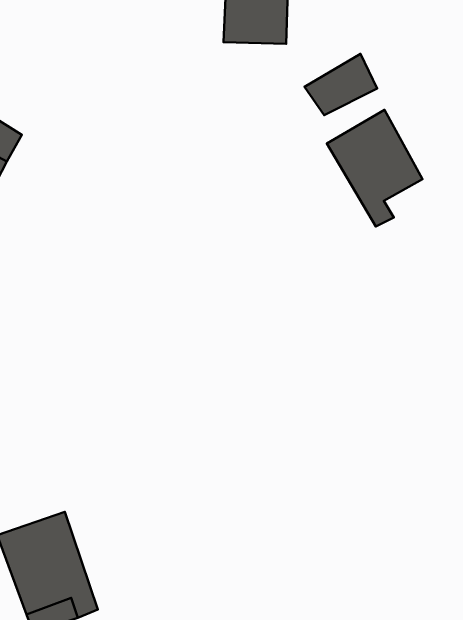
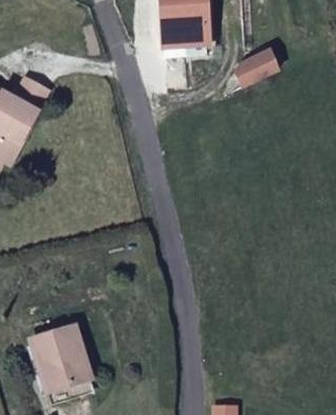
building: [327,110,423,227] -> none

